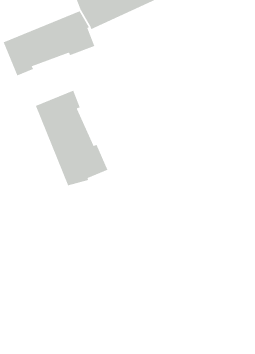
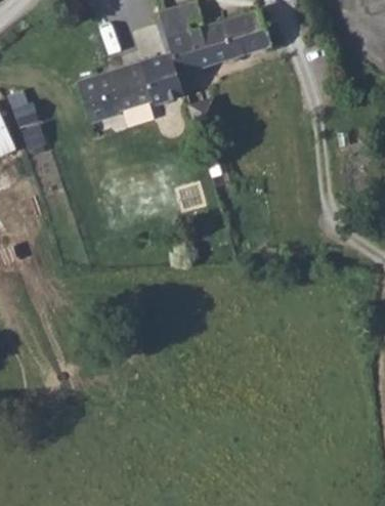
building: [35,90,108,186] -> none

